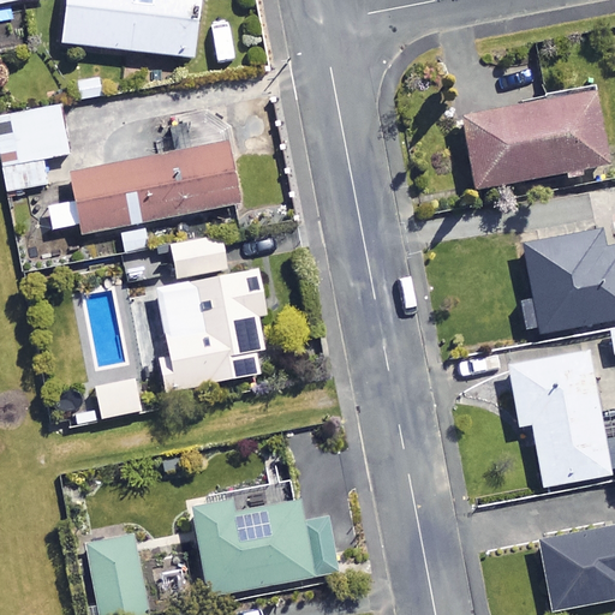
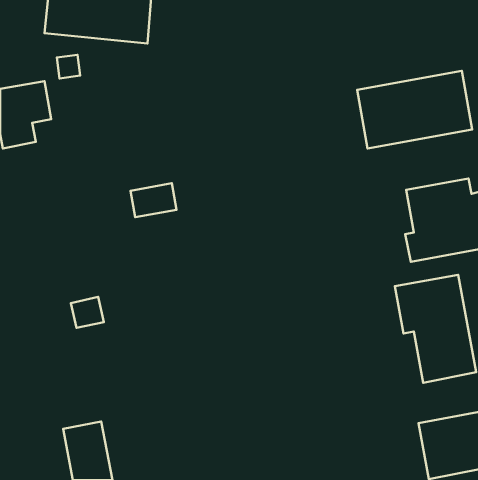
building: [71,141,239,233] -> none
building: [157,268,277,390] -> none
building: [192,498,339,595] -> none

